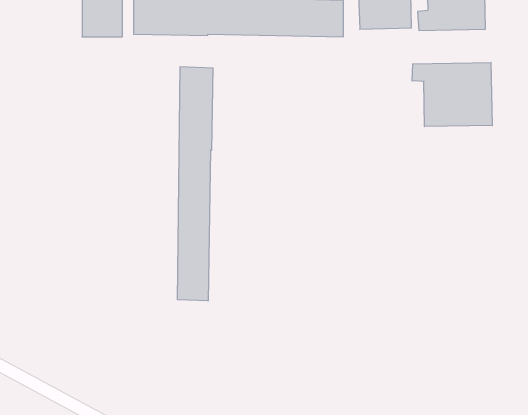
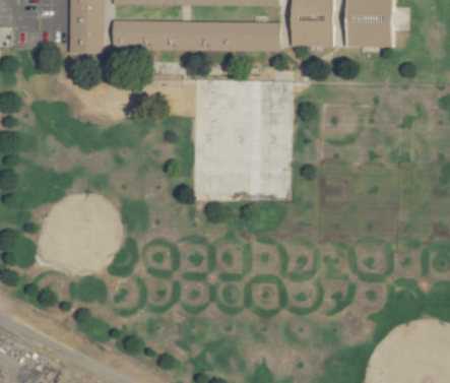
building: [412,62,492,127] -> none
building: [177,67,213,301] -> none

